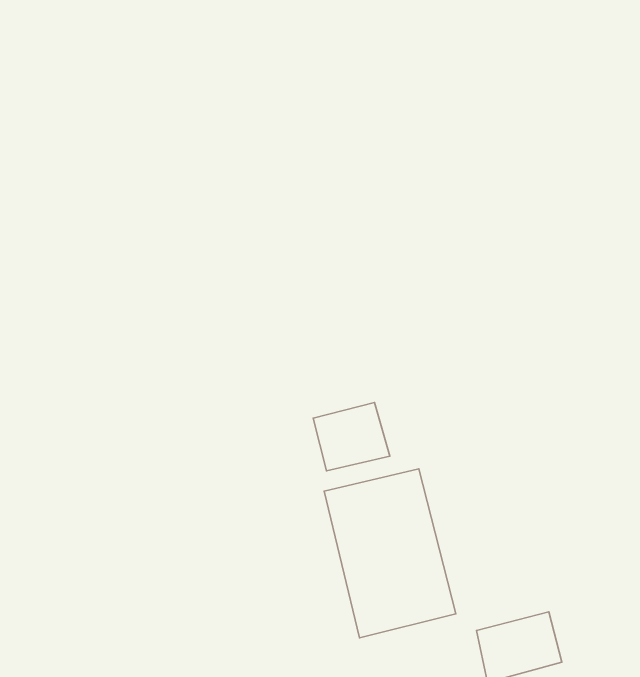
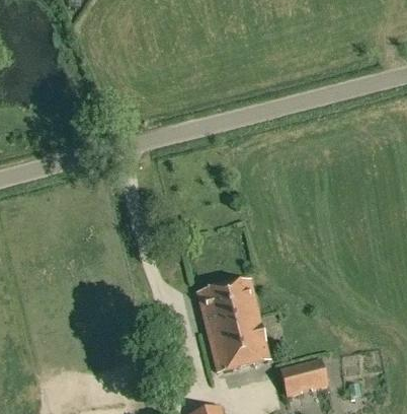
building: [313,403,390,471] -> none

